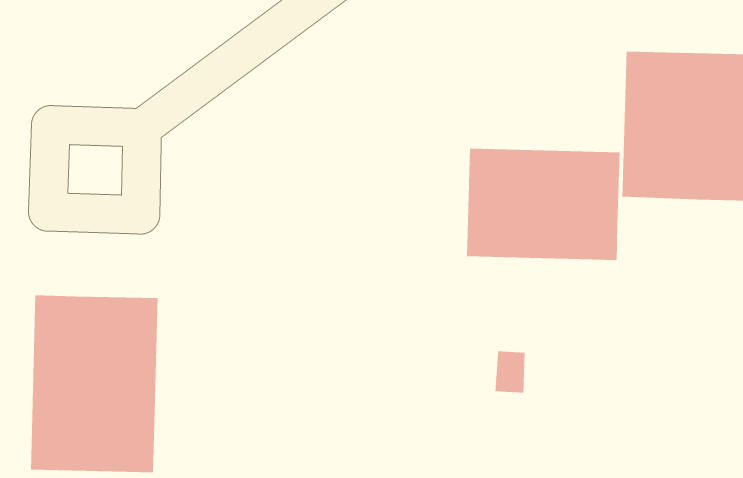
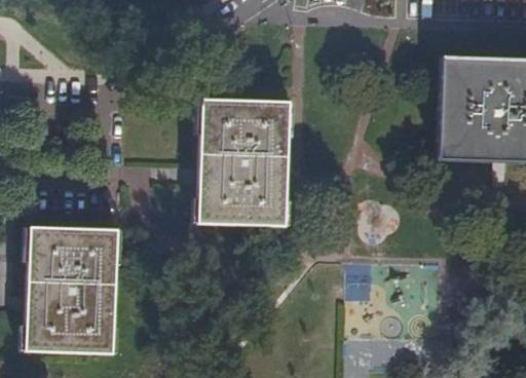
building: none -> [197,99,288,223]
building: [466,148,620,261] -> none

